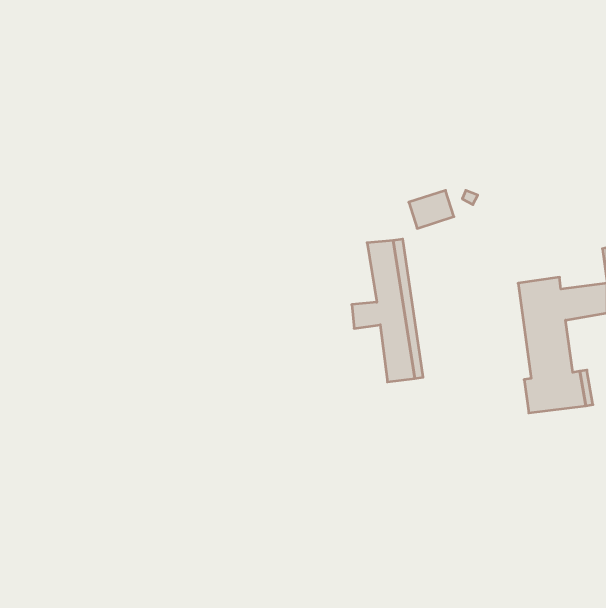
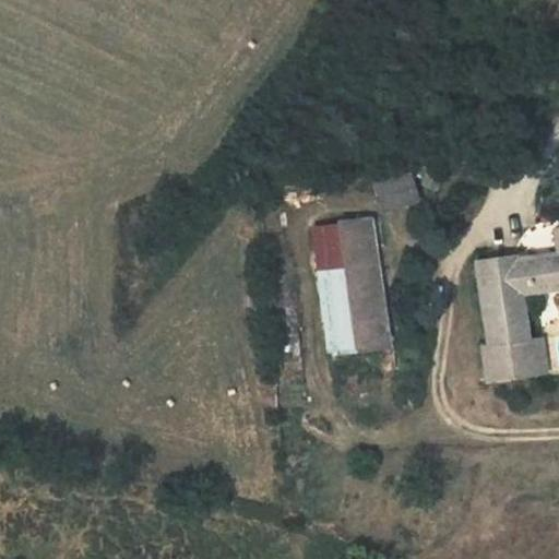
building: none -> [317,223,347,280]
building: none -> [326,298,357,354]

